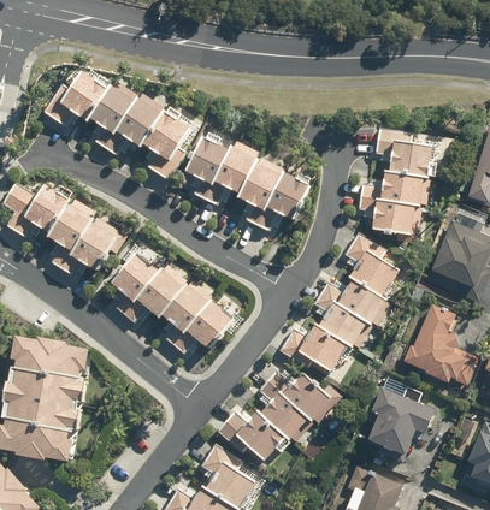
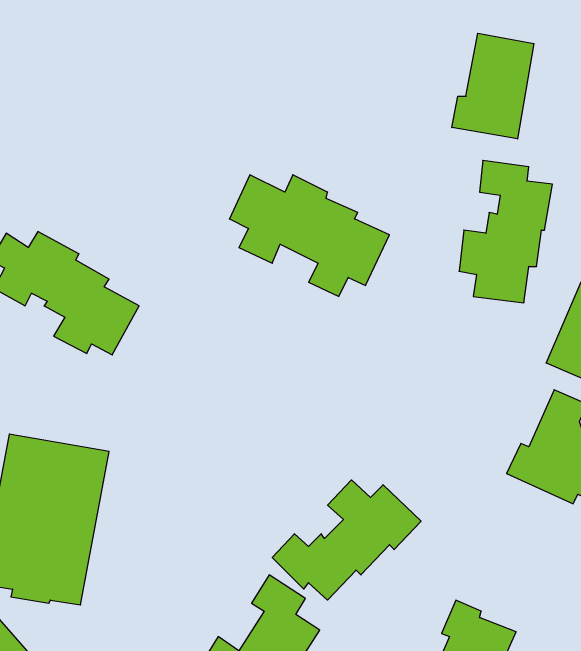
building: none -> [452,33,534,139]
building: [46,69,196,179] -> none
building: [281,232,397,375] -> none
building: [107,253,236,352] -> none
building: [365,385,435,459] -> none

